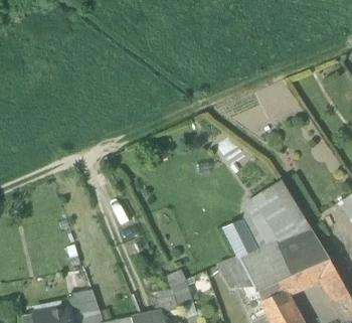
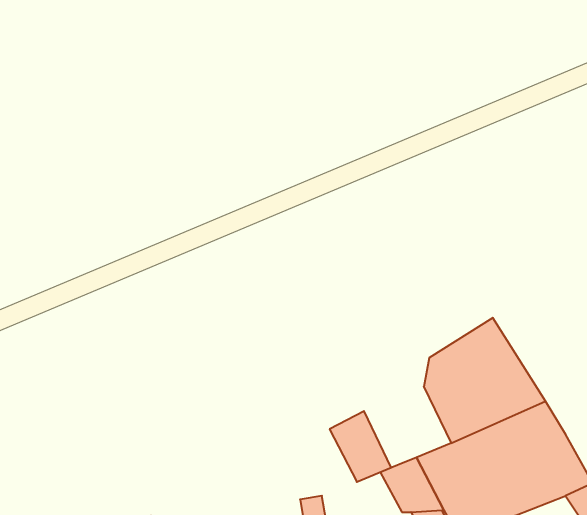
building: [223,217,257,257] -> [330,411,391,482]

